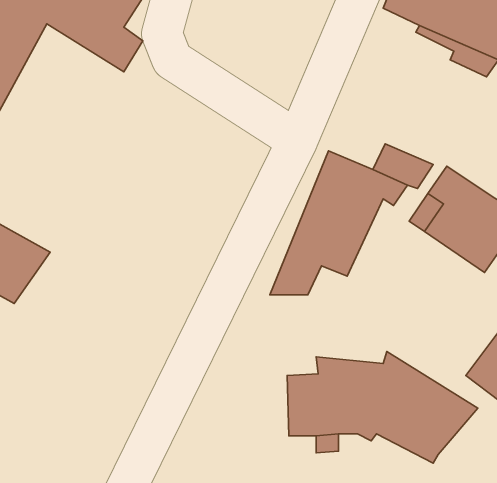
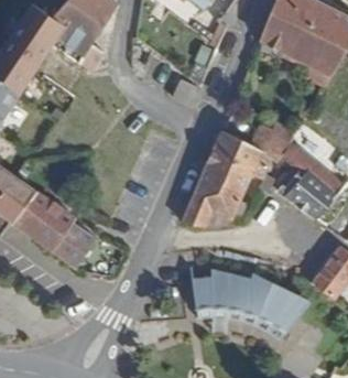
building: none -> [22,198,100,274]

